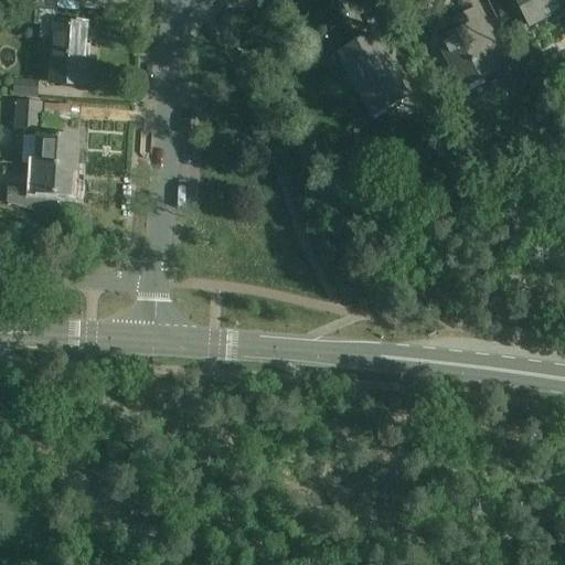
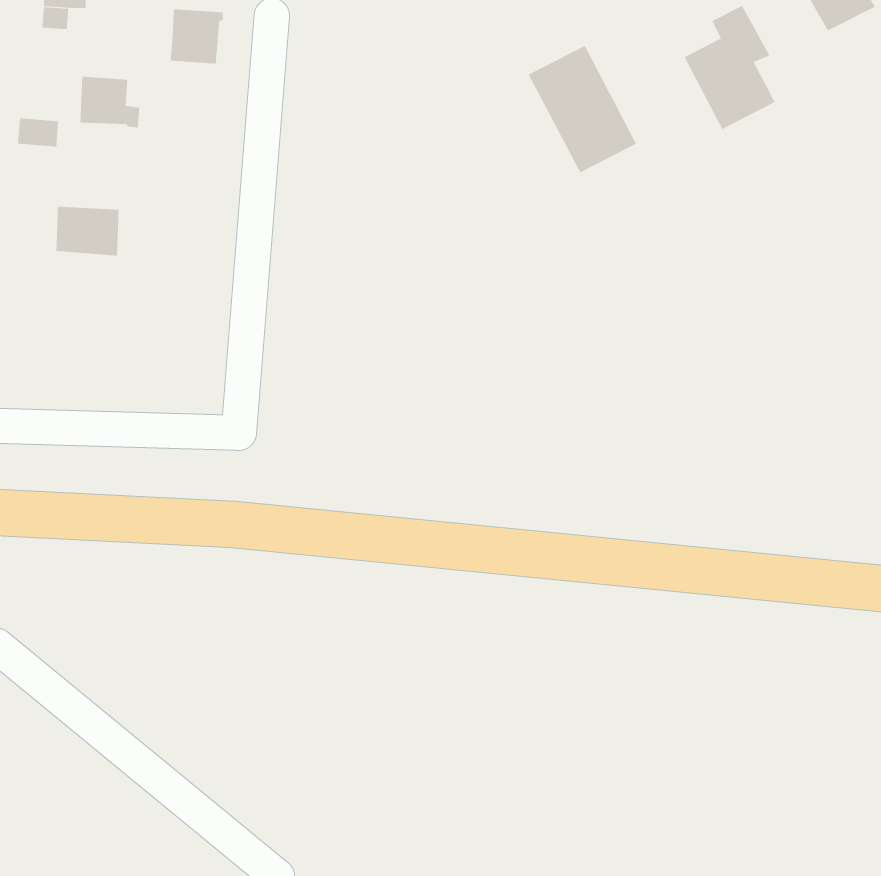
building: [52,15,86,51] -> [170,9,224,64]
building: [13,97,40,127] -> none
building: [6,160,75,206] -> none

